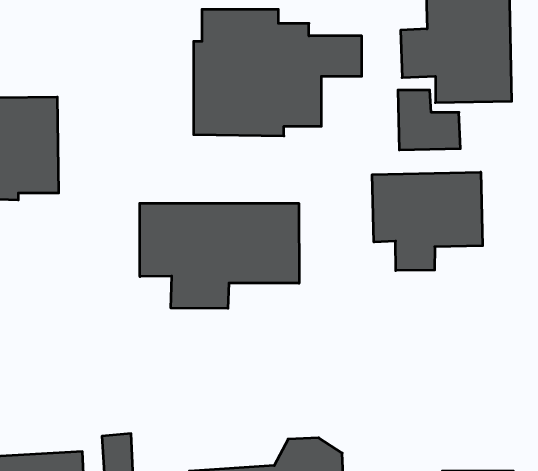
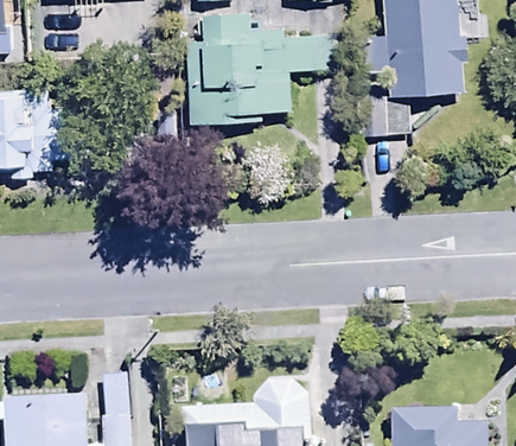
building: [372,172,483,271] -> none
building: [140,203,299,308] -> none

